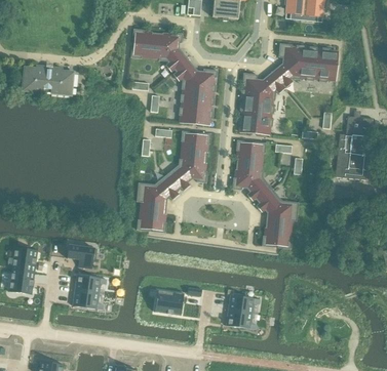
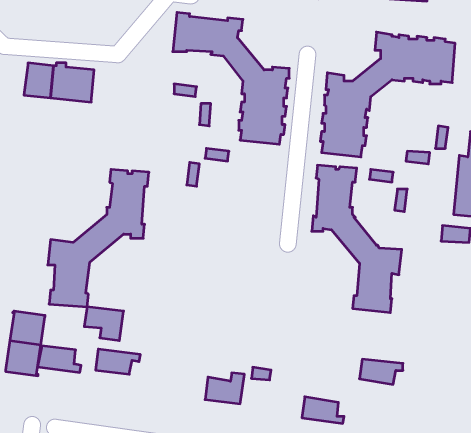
building: [136,131,209,232] -> [48,169,149,307]
building: [71,290,103,310] -> [38,346,81,372]
building: [227,295,259,314] -> [359,359,403,384]

